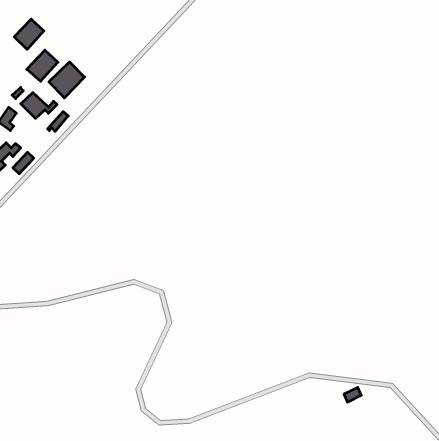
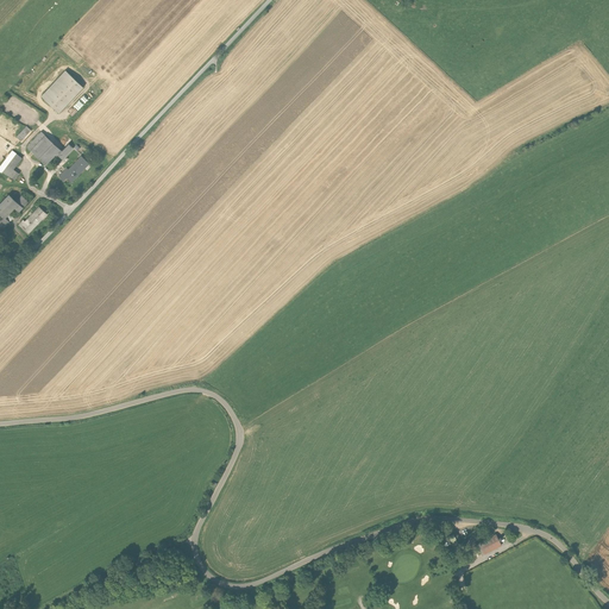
building: [14,19,44,49] -> none
building: [49,62,85,98] -> none

